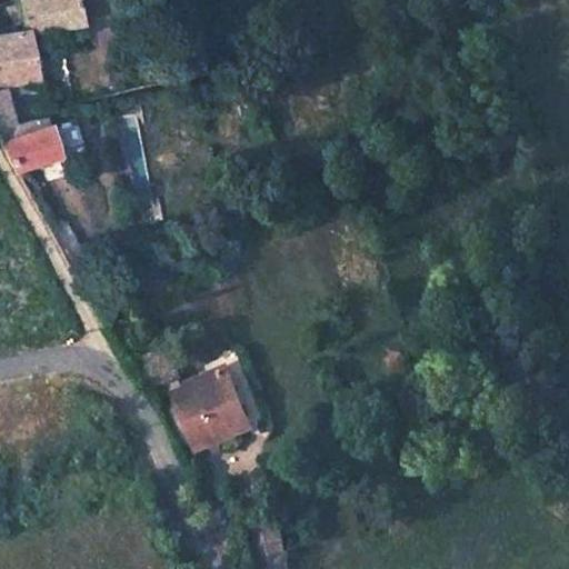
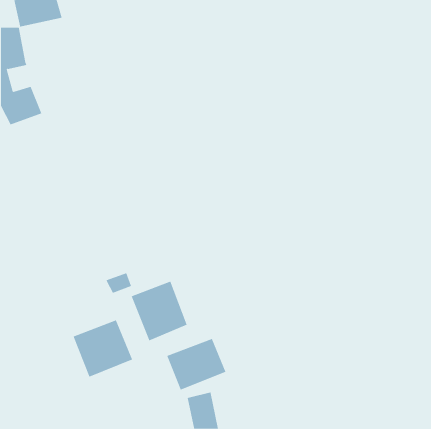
building: none -> [73,319,133,378]
building: none -> [167,338,226,391]

